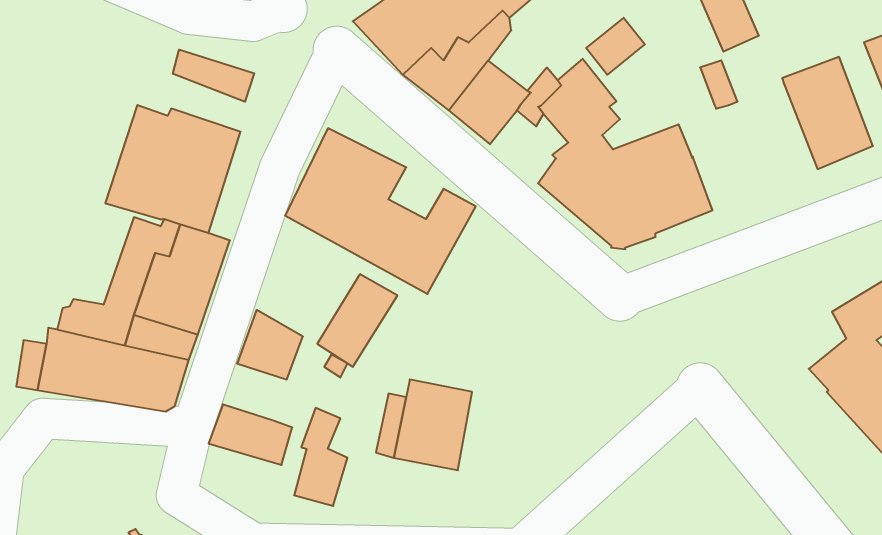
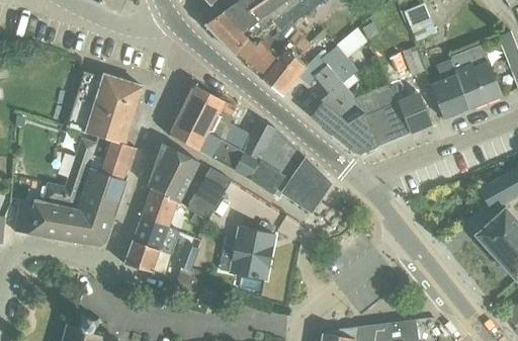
building: [173,50,254,102] -> none
building: none -> [431,60,470,118]
building: none -> [400,78,432,133]
building: none -> [249,130,328,212]
building: none -> [148,145,200,203]
building: none -> [133,219,177,251]

